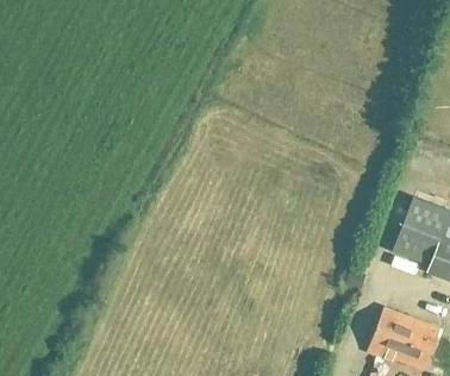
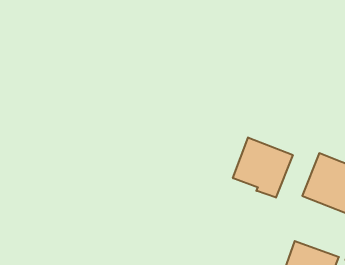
building: none -> [233,137,293,198]

